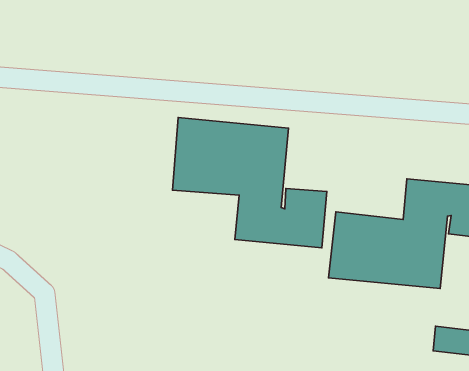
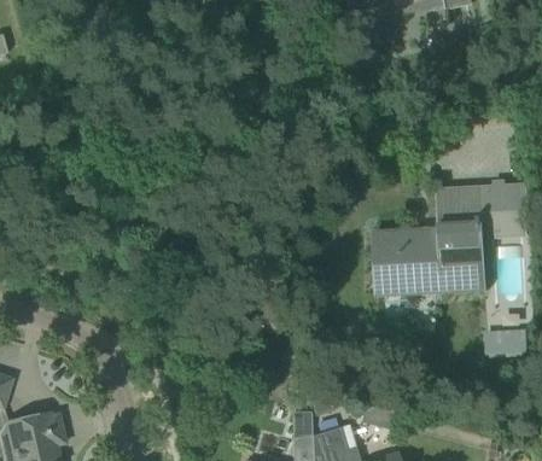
building: [173,118,327,248] -> none

